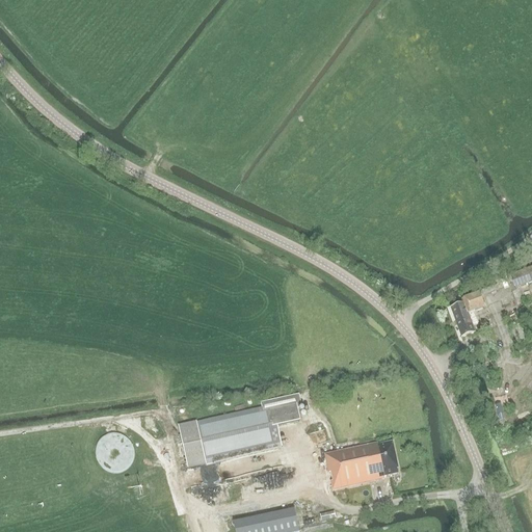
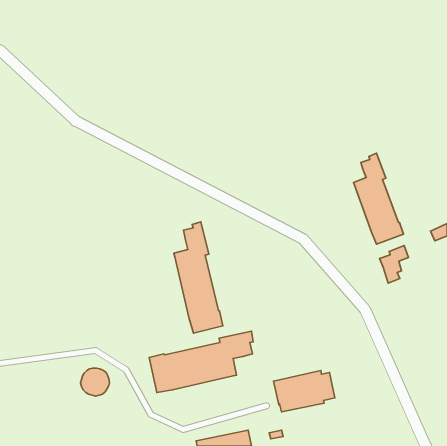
building: none -> [354,153,403,244]
building: none -> [174,222,223,333]

